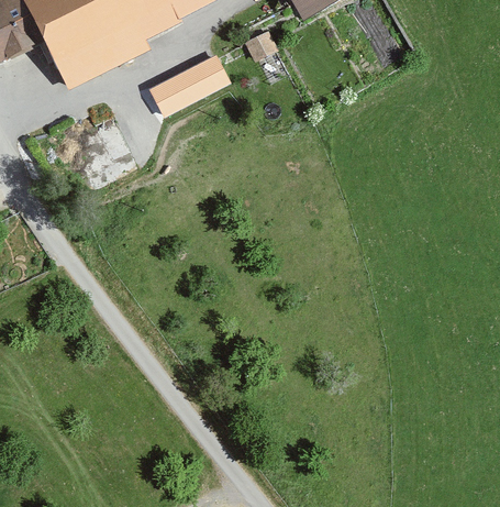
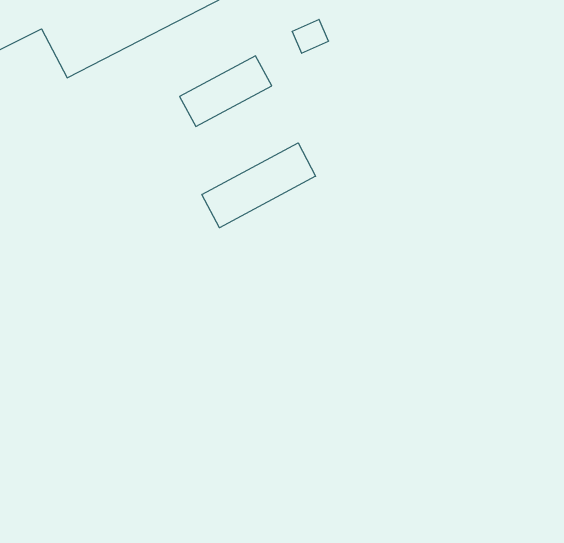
building: none -> [202,143,316,228]

